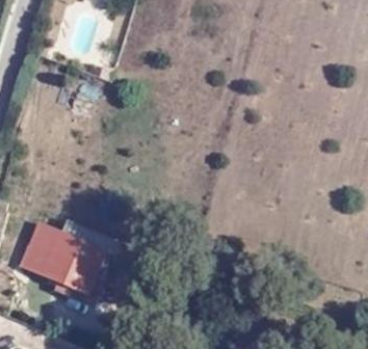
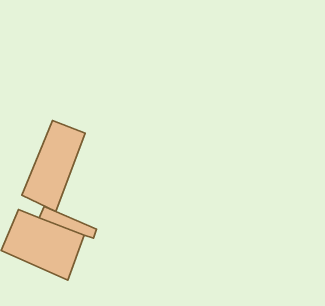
building: none -> [22,121,85,211]

